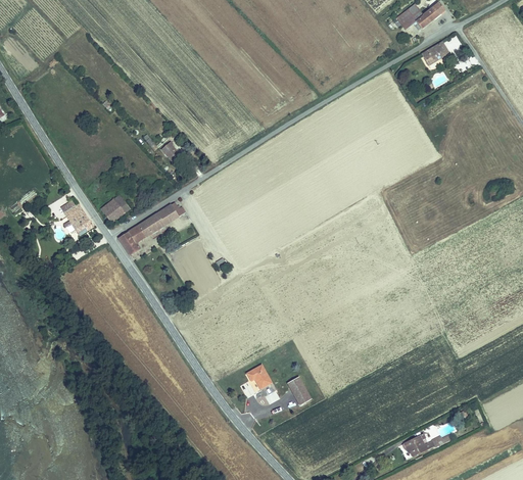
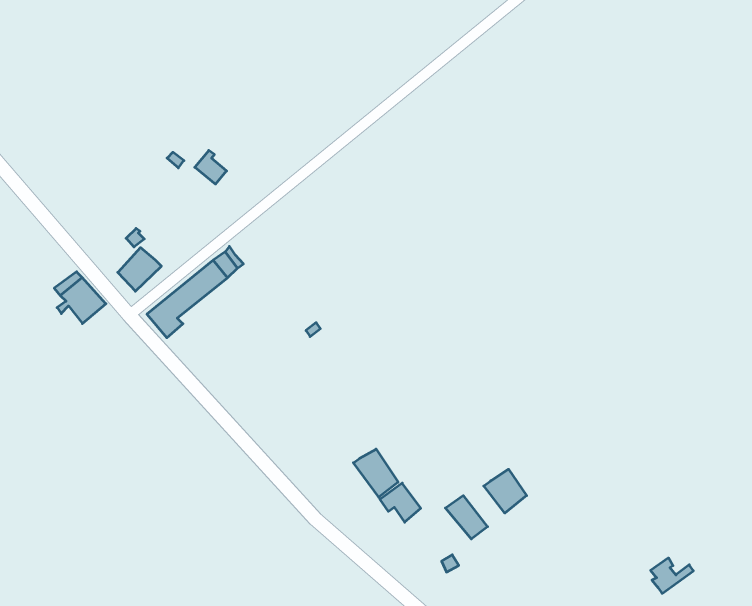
building: none -> [353,449,398,497]
building: none -> [484,469,527,513]

